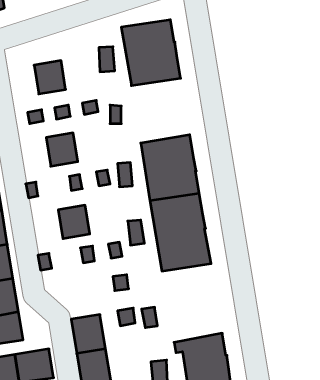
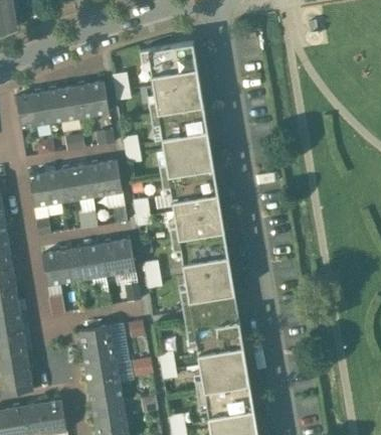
building: none -> [74,82,110,118]
building: none -> [16,92,50,128]
building: none -> [151,106,214,176]
building: none -> [87,160,123,196]
building: none -> [29,170,63,206]
building: none -> [101,239,136,275]
building: none -> [42,249,76,285]
building: none -> [184,307,249,393]
building: none -> [79,325,117,368]

